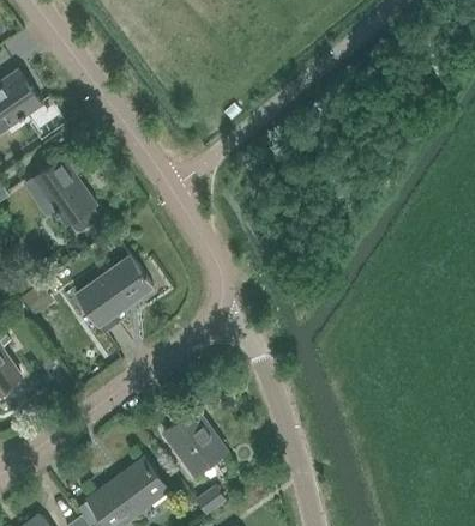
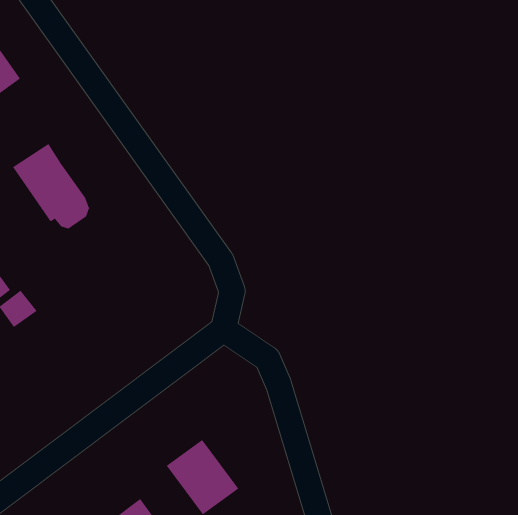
building: [76,258,151,334] -> none

